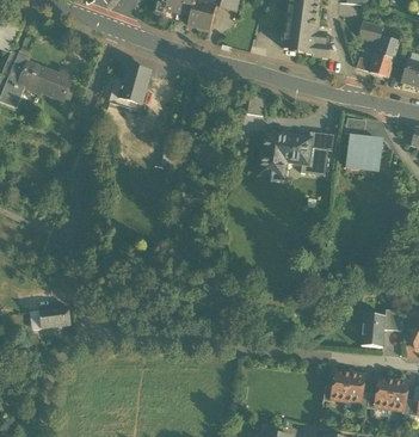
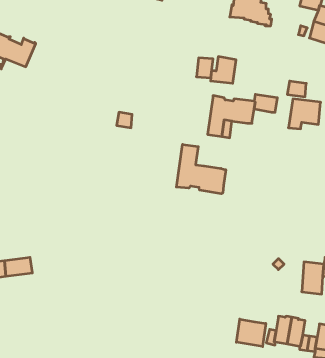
building: [110,64,150,111] -> none
building: [301,147,328,176] -> [211,57,236,83]
building: none -> [176,144,226,194]
building: none -> [236,319,266,347]

